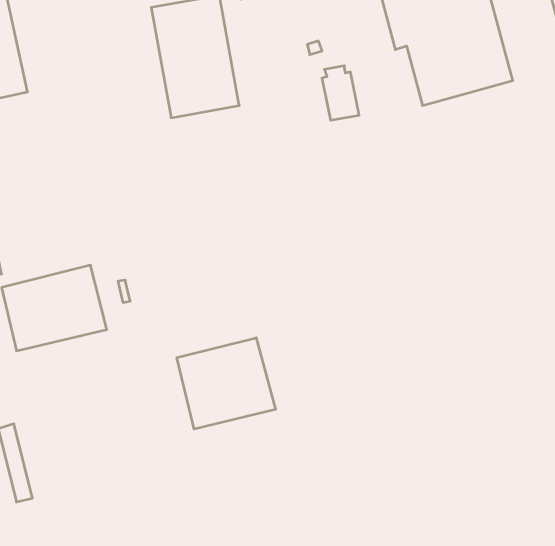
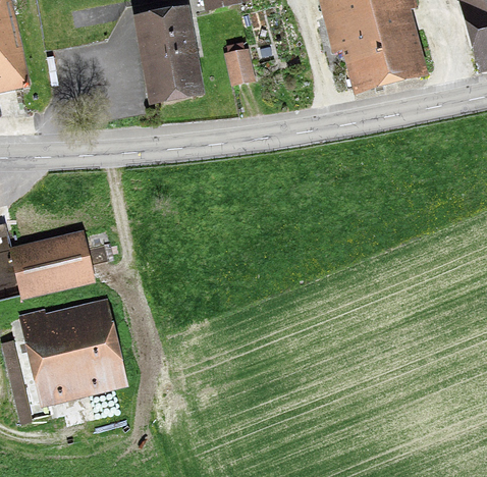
building: [322,66,359,120] -> [224,41,255,86]
building: [177,338,276,429] -> none
building: none -> [18,297,128,406]

